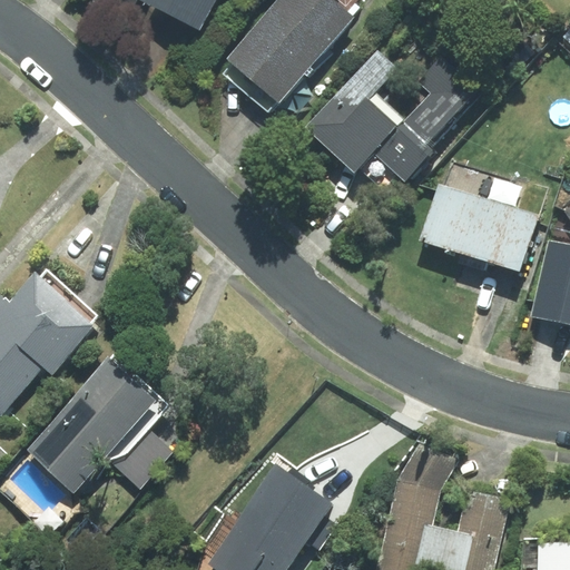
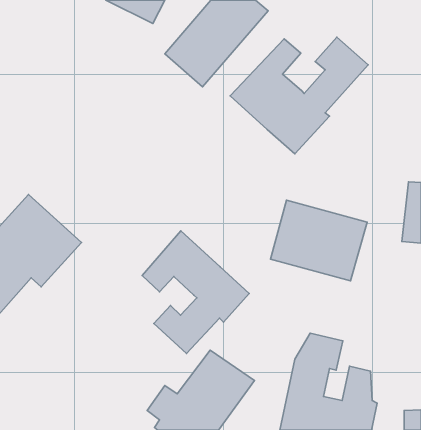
building: [421,161,549,268] -> [271,200,367,281]
building: none -> [142,231,249,354]
building: [29,354,176,493] -> none

